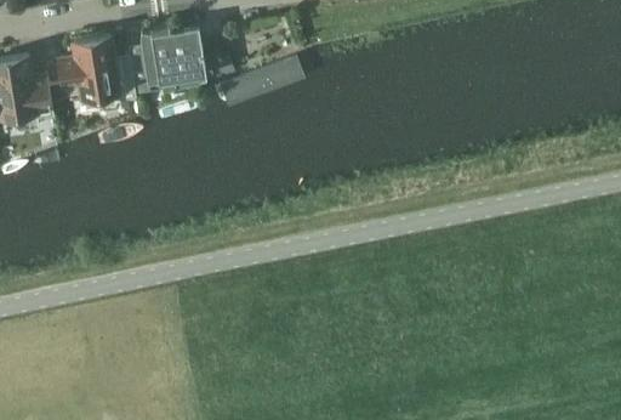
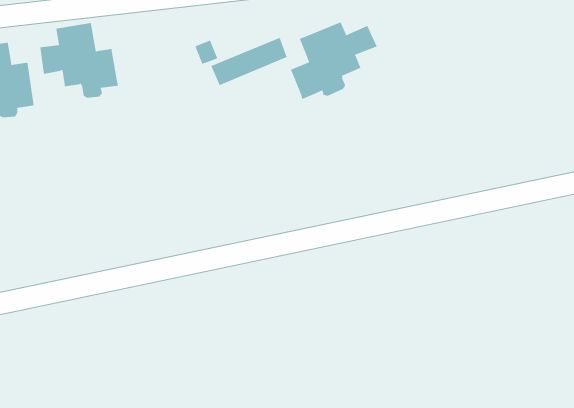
building: [129,24,205,93] -> none
building: none -> [290,22,377,100]

